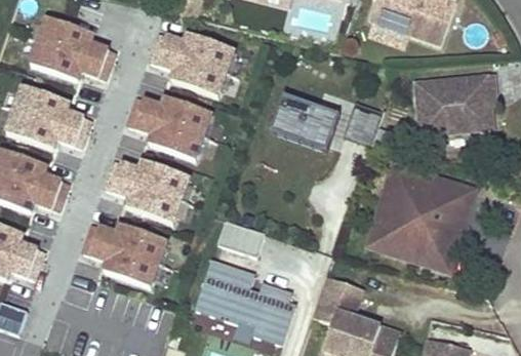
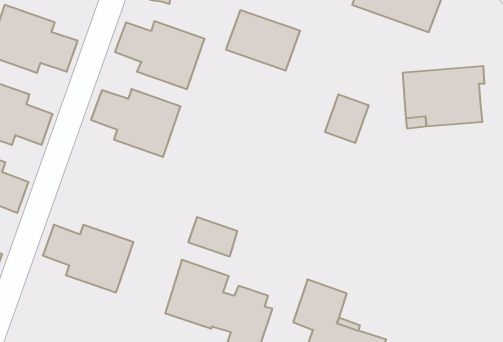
building: [273,94,343,151] -> [226,10,300,70]
building: [103,160,188,224] -> none
building: [371,165,475,270] -> none

